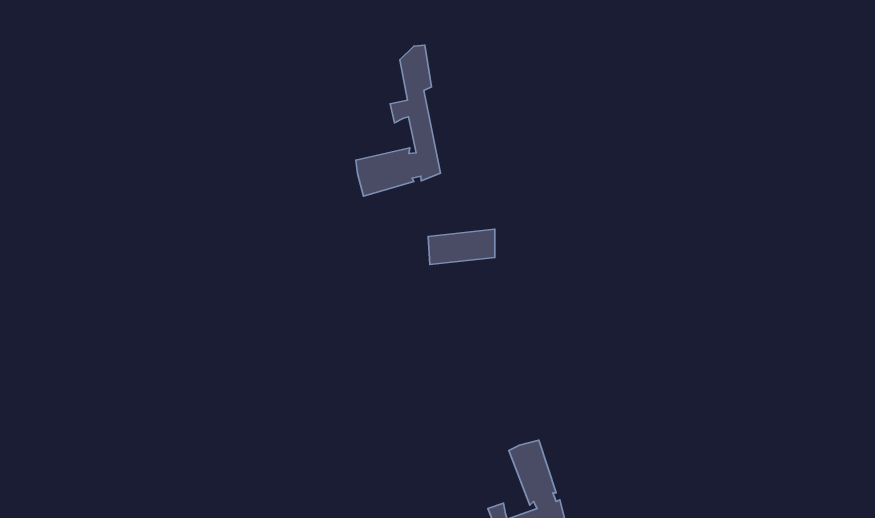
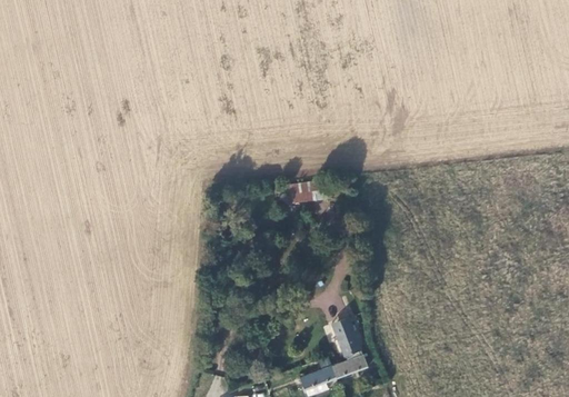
building: [356,45,441,196] -> none

